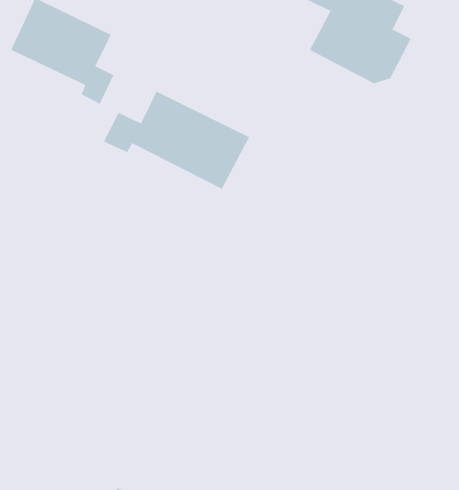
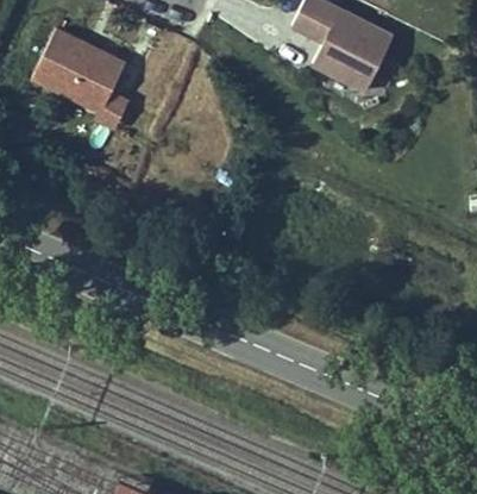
building: [103,91,250,190] -> none

